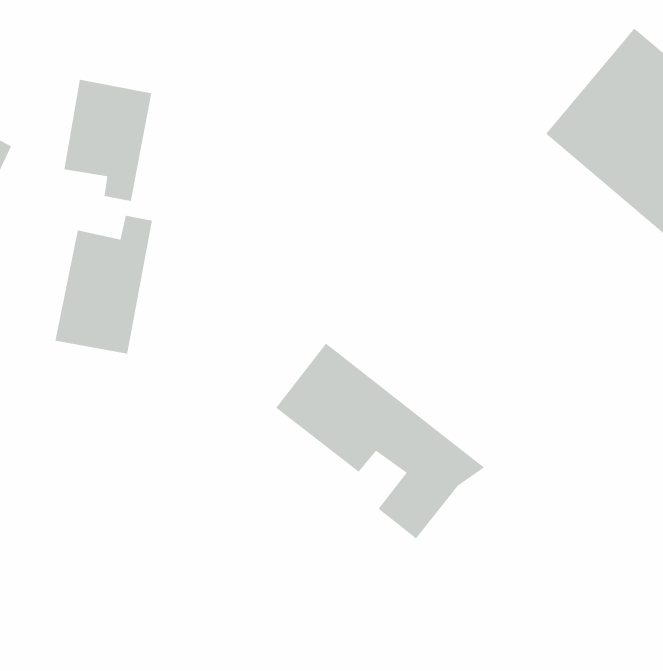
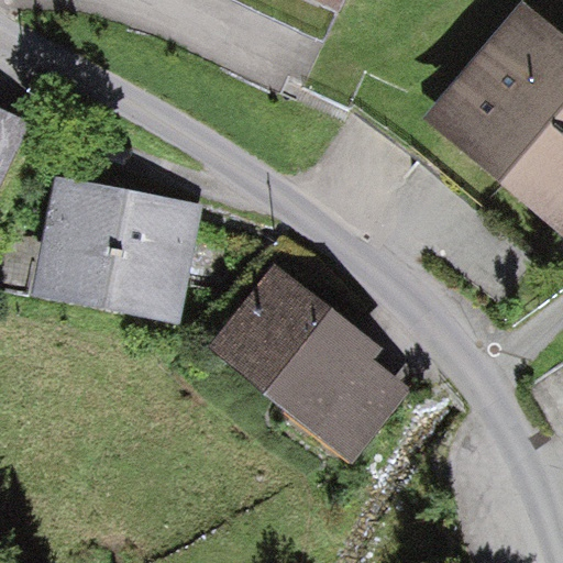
building: [64,79,152,202] -> none
building: none -> [107,189,184,312]

